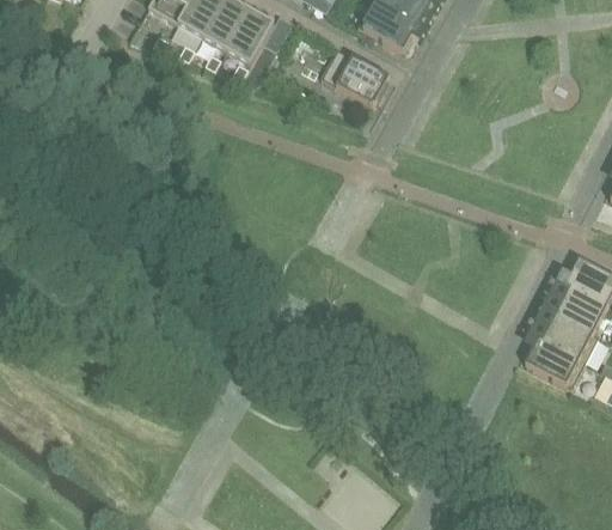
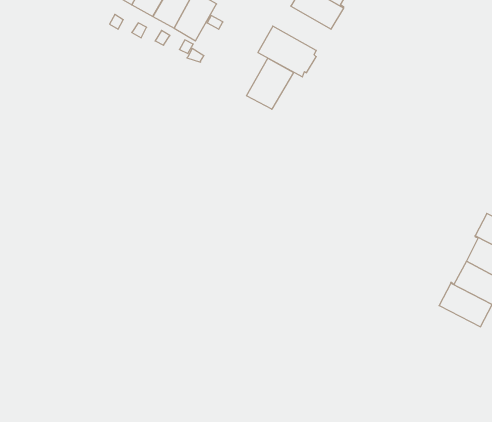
building: none -> [247,58,294,109]

